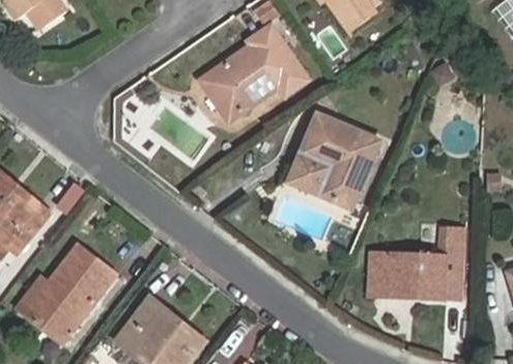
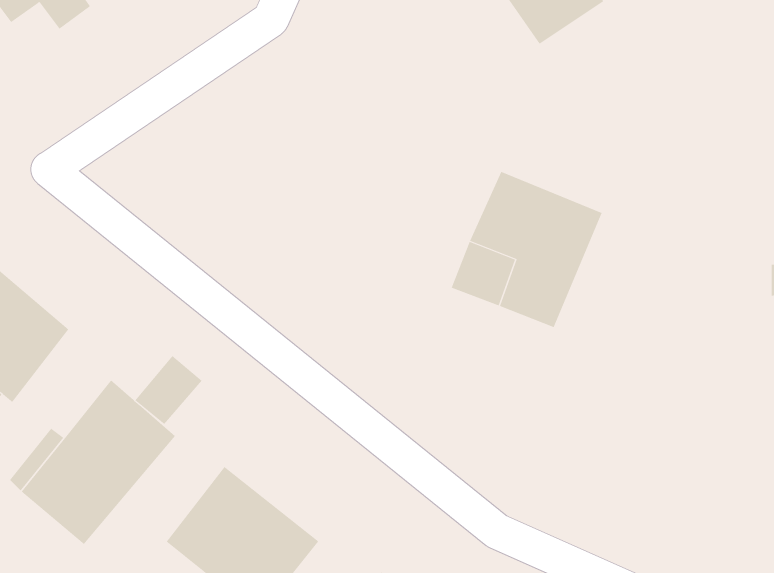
building: [198,25,309,122] -> none
building: [368,224,467,326] -> none
building: none -> [135,355,203,425]

